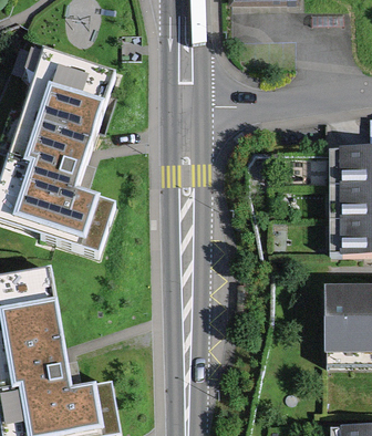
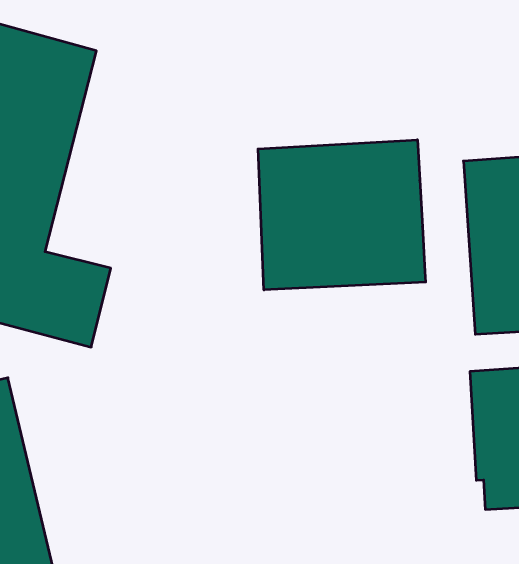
building: none -> [258,140,426,290]

